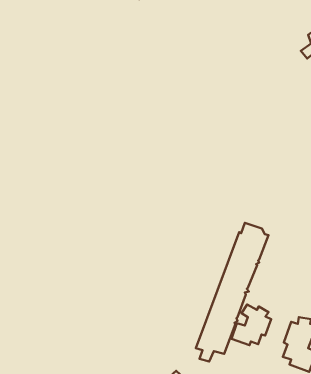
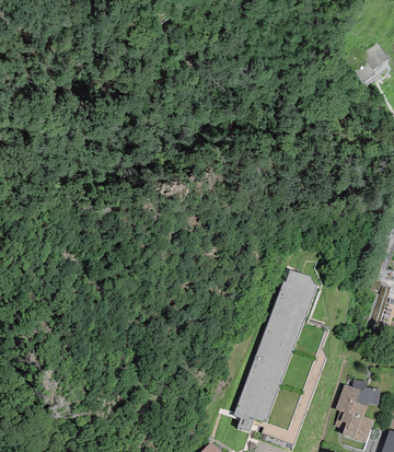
building: [232,304,271,345] -> none

